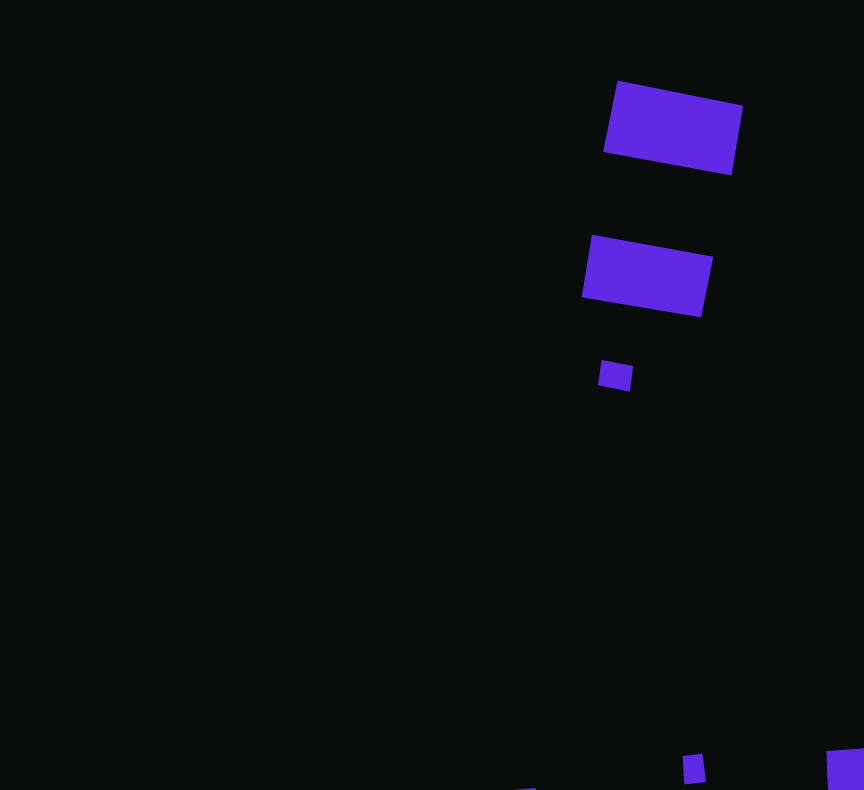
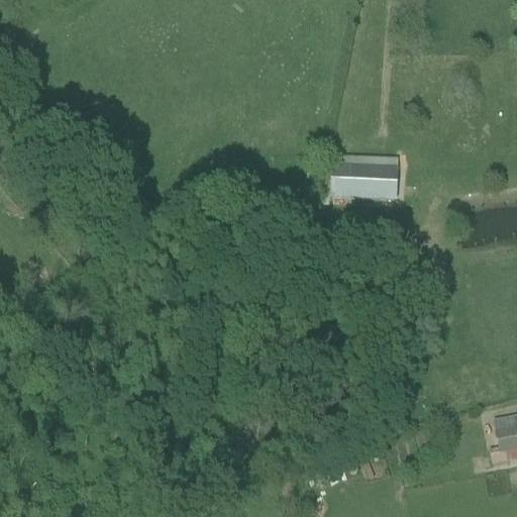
building: [603,80,744,176] -> none

